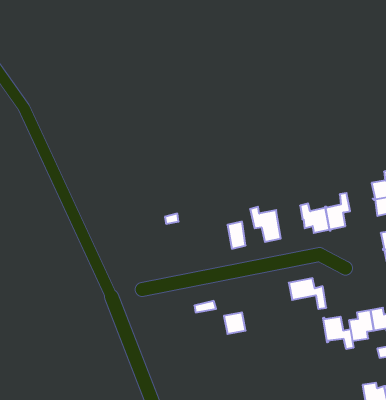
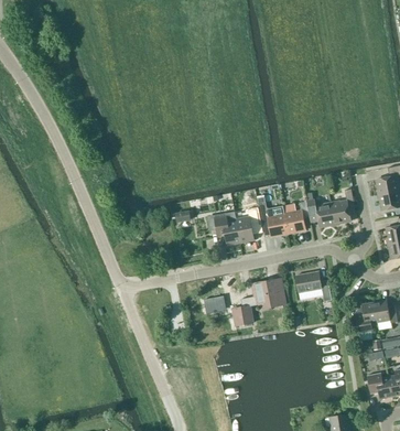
building: none -> [284,201,309,233]
building: none -> [214,211,240,245]
building: none -> [252,279,285,305]
building: [323,317,353,349] -> none

